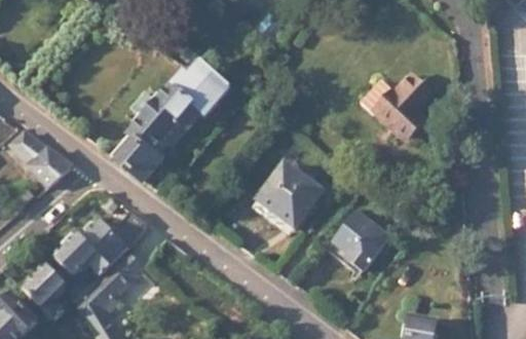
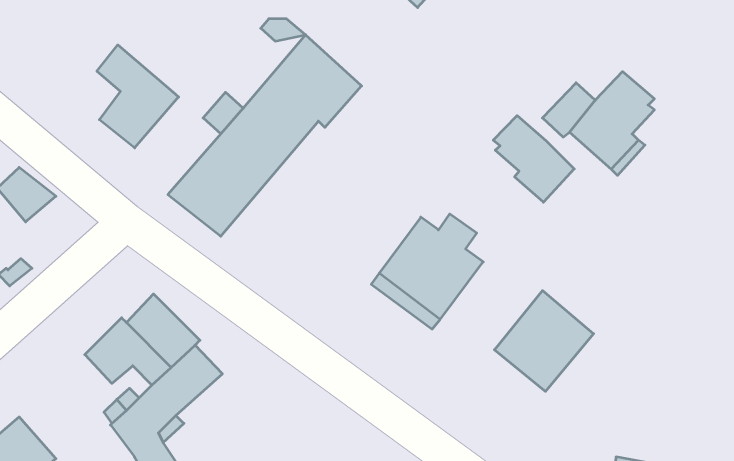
building: none -> [97,45,179,148]
building: none -> [493,116,574,202]
building: [25,149,68,188] -> none
building: [30,259,73,314] -> none

